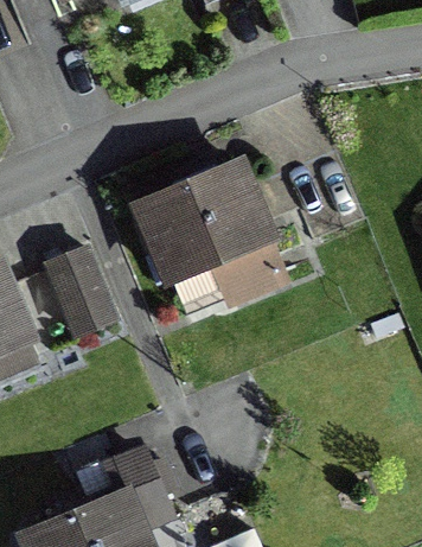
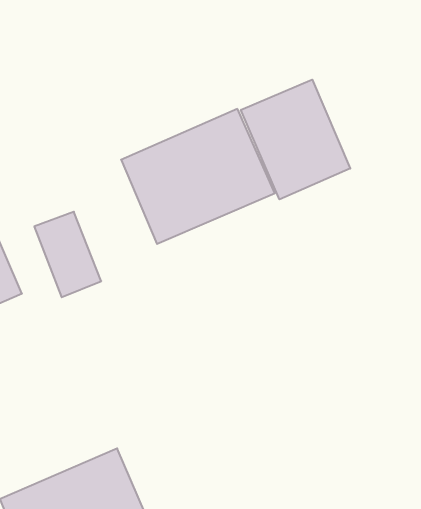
building: none -> [241,80,350,199]

